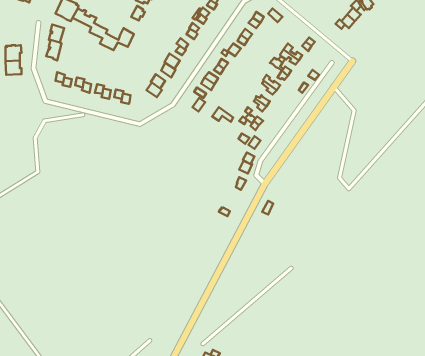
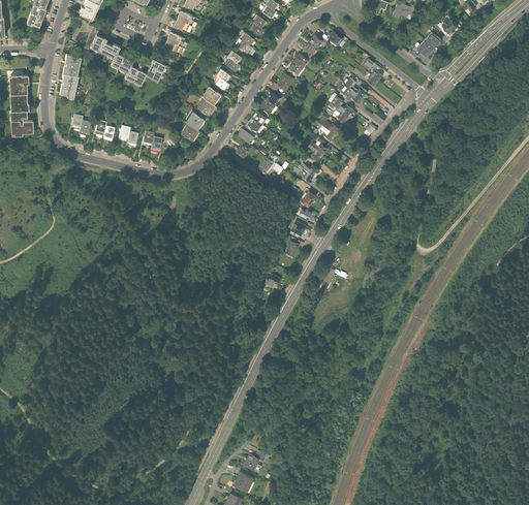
building: none -> [9,114,32,138]

